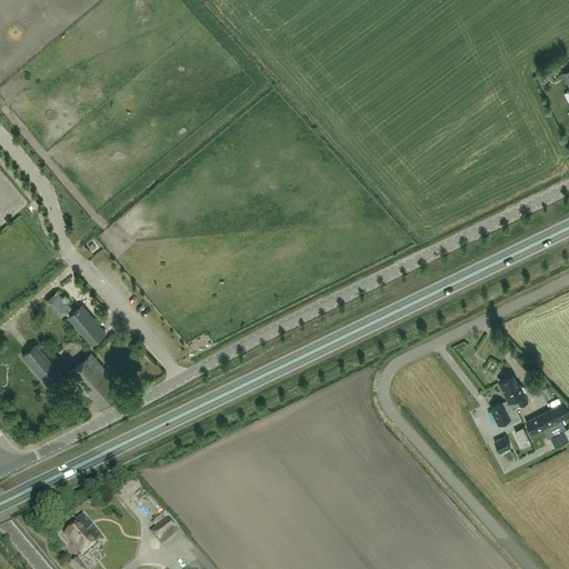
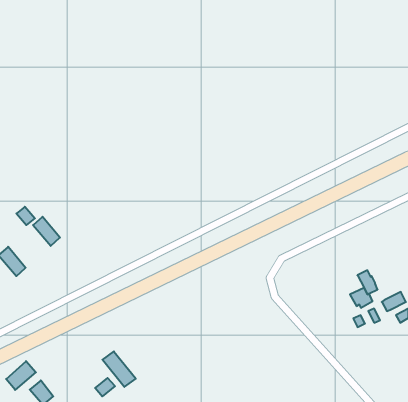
building: [68,355,118,410] -> none
building: none -> [102,351,136,387]
building: none -> [6,361,36,390]

